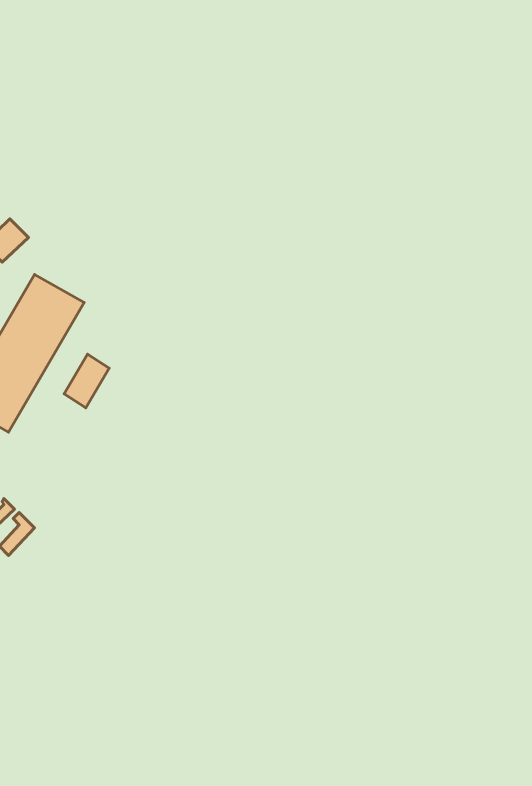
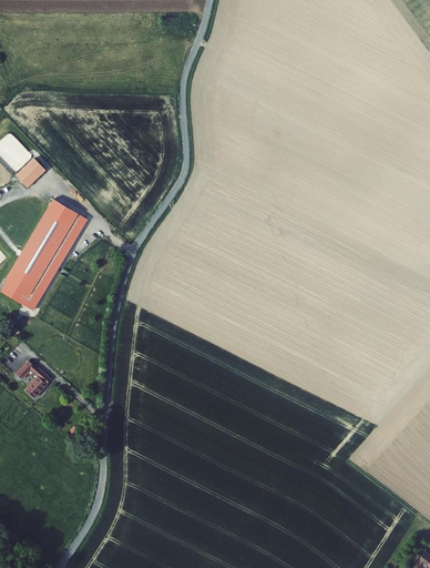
building: [64,354,109,408] -> none

